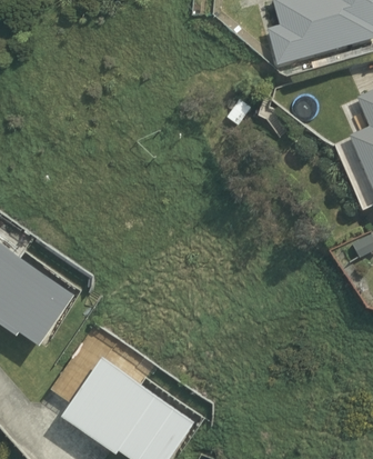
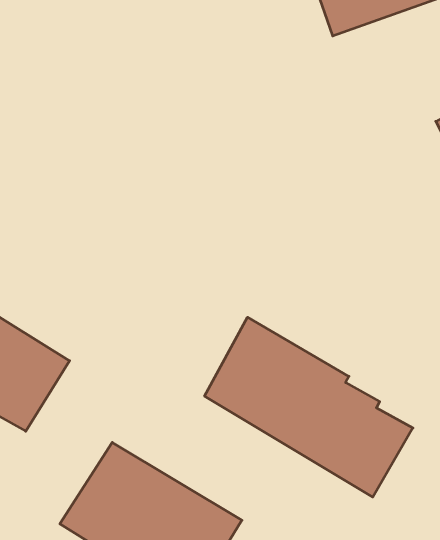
building: none -> [205,317,413,497]

